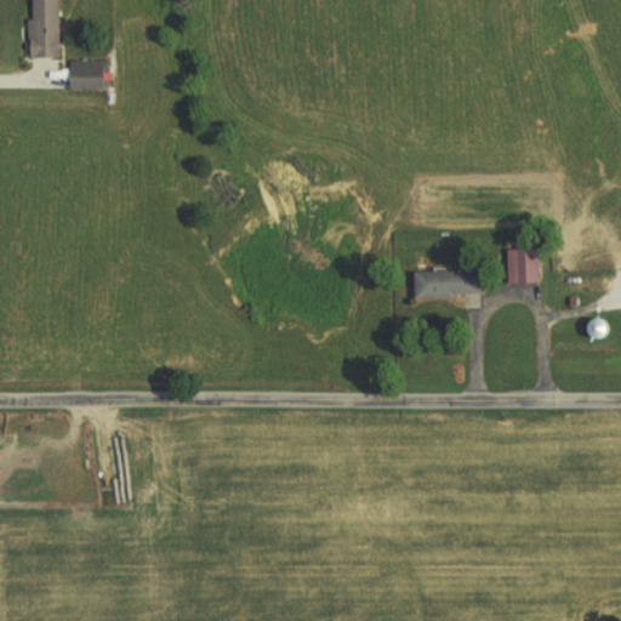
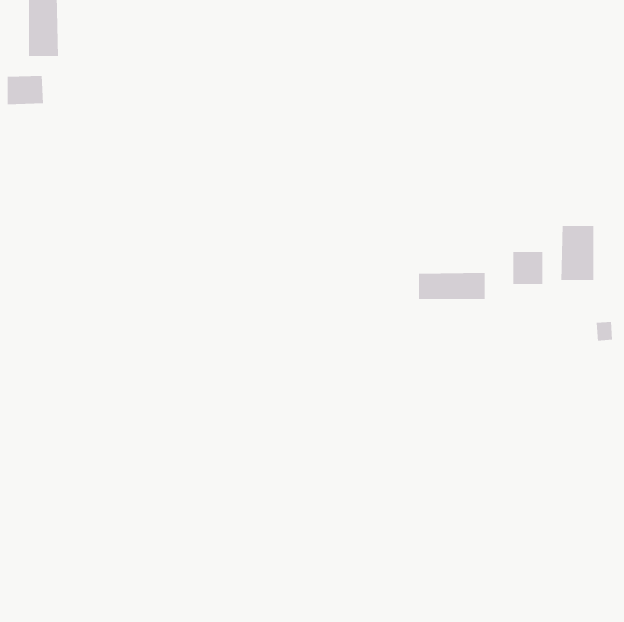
building: [69,59,106,89] -> [7,75,44,105]
building: none -> [561,225,594,281]

